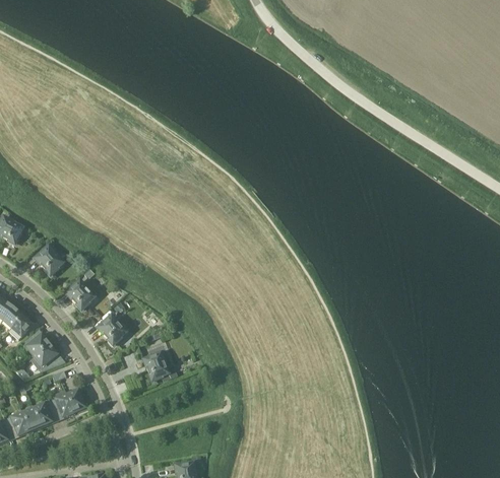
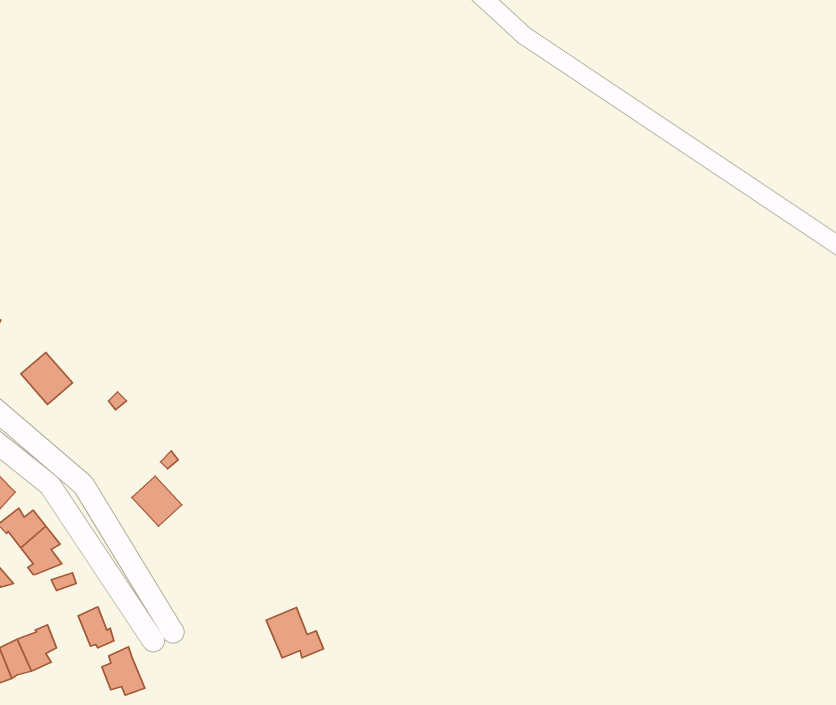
building: [67,280,96,310] -> none
building: [144,352,177,381] -> [266,608,323,658]
building: [51,389,75,416] -> [102,647,145,695]

